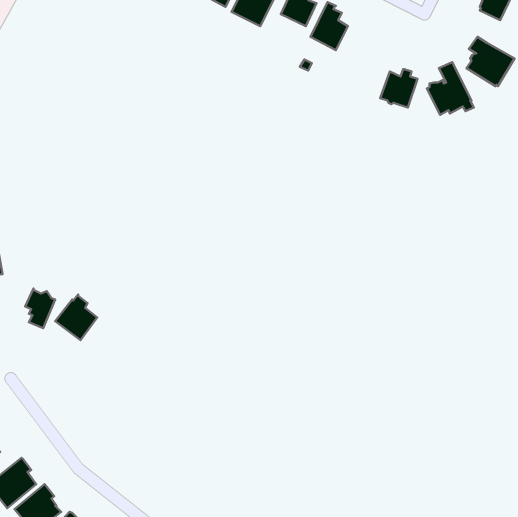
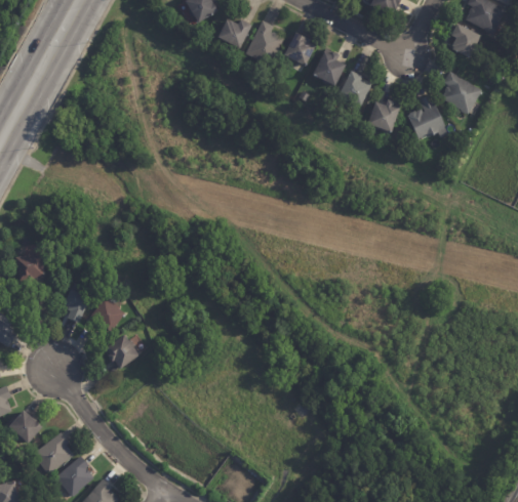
building: none -> [334,69,367,103]
building: none -> [105,334,141,369]

